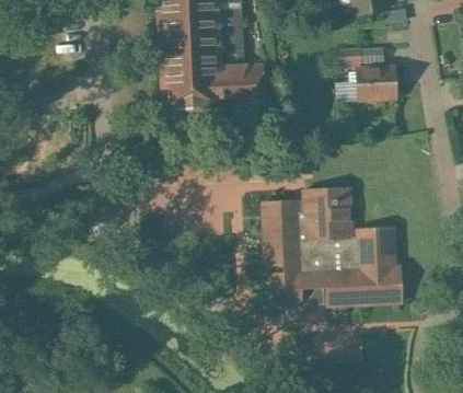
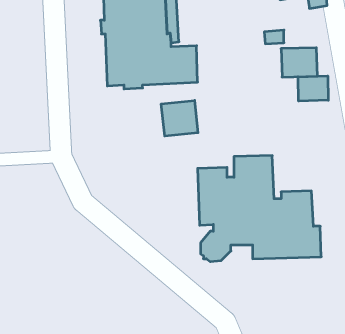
building: none -> [298,76,328,101]
building: none -> [161,100,198,136]

